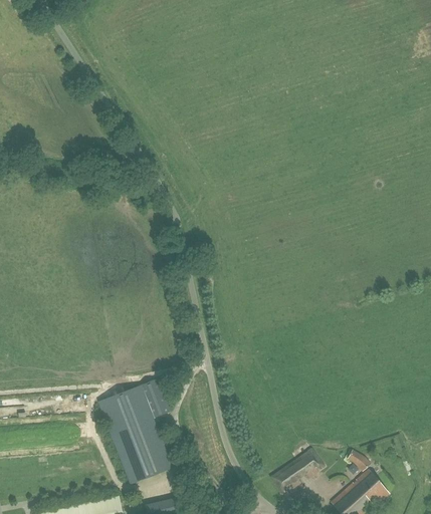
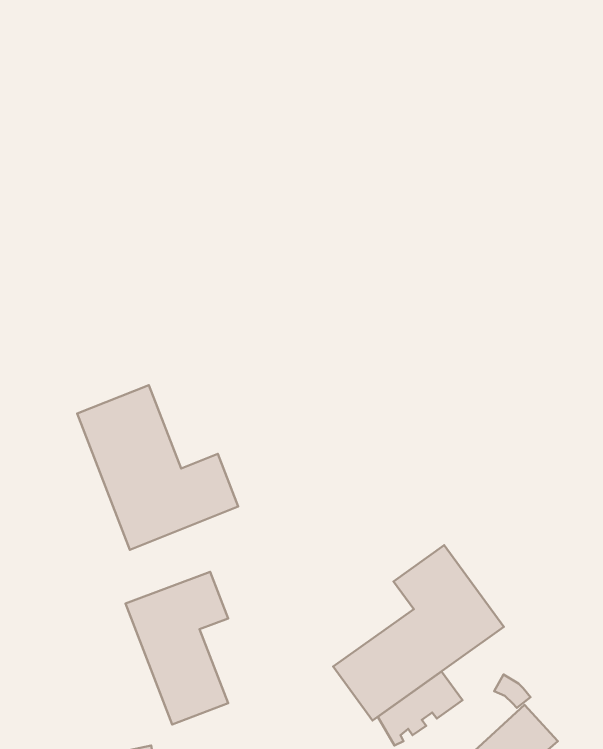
building: none -> [77,385,238,550]
building: none -> [333,545,504,721]

